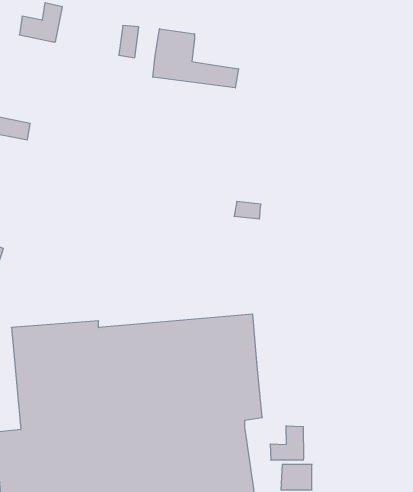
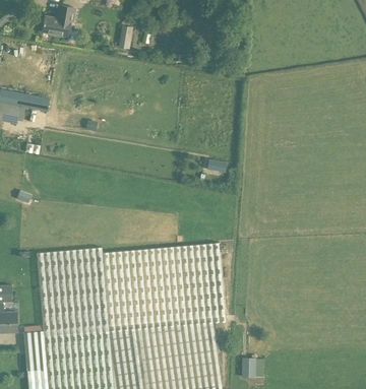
building: [153,29,239,88] -> none
building: [271,426,304,460] -> none

